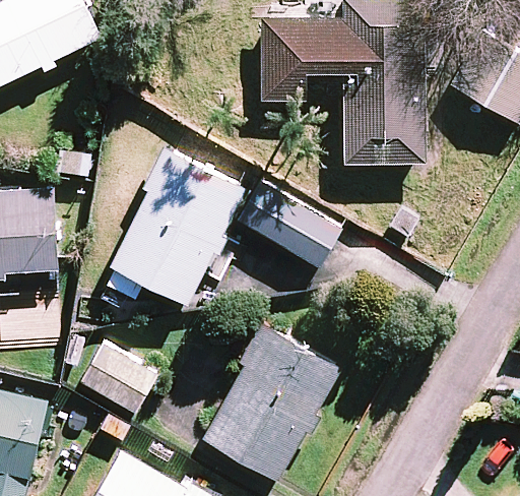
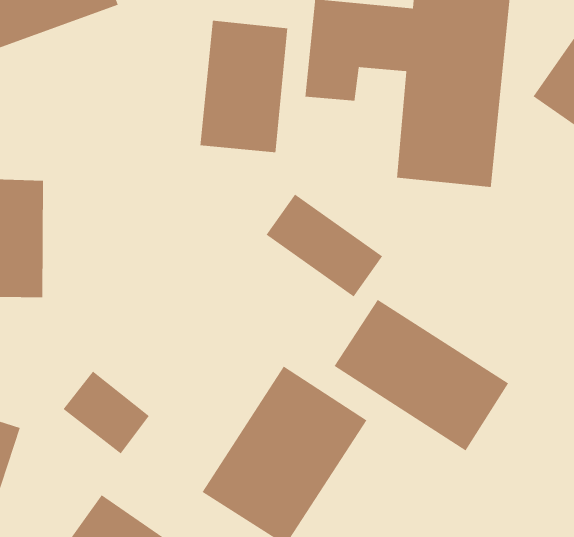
building: none -> [199,20,288,153]
building: [112,153,242,303] -> none
building: none -> [333,299,509,452]

